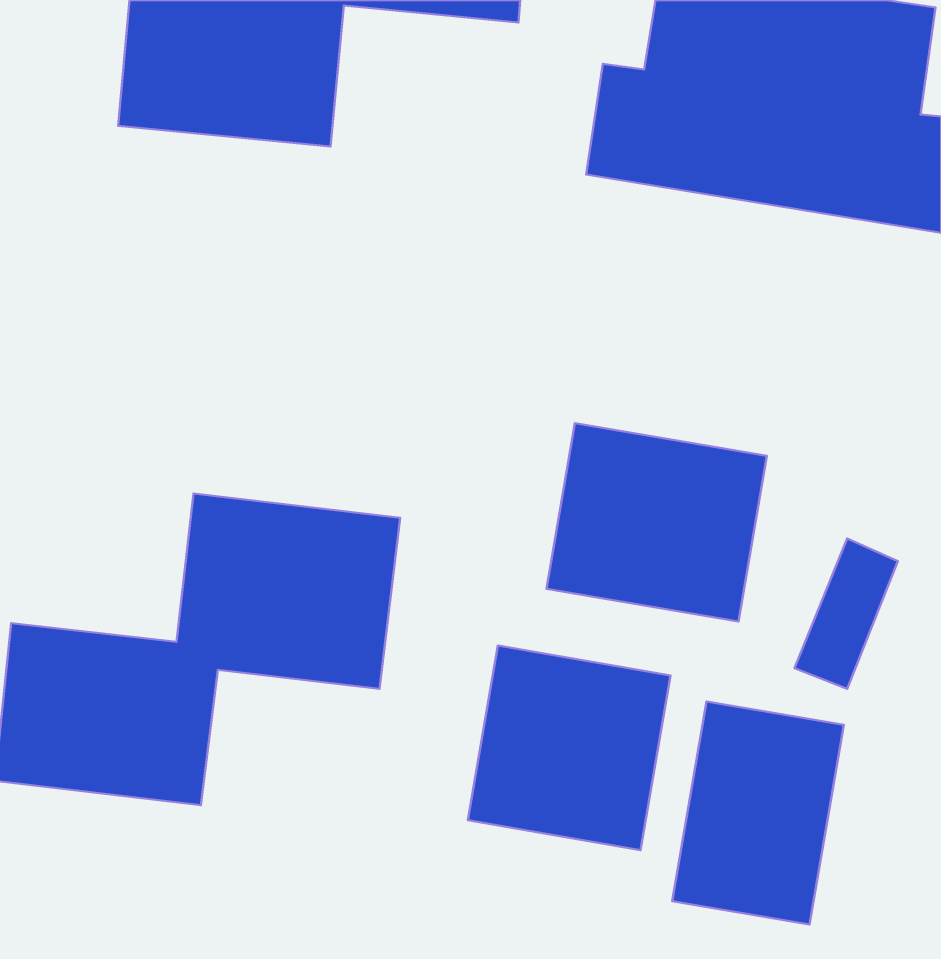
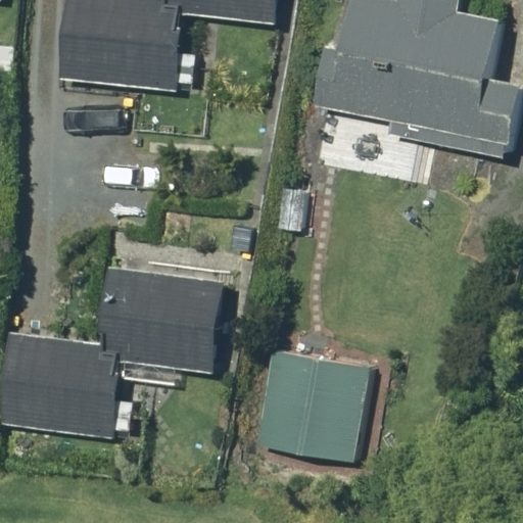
building: [546,423,767,621] -> none
building: [672,702,844,924] -> none

